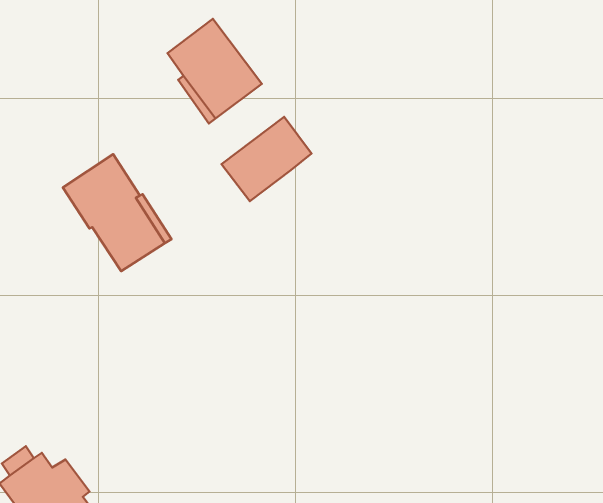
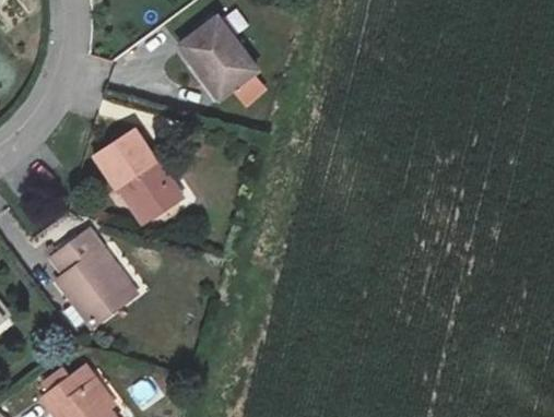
building: [221,117,312,201] -> none
building: none -> [50,228,138,327]

